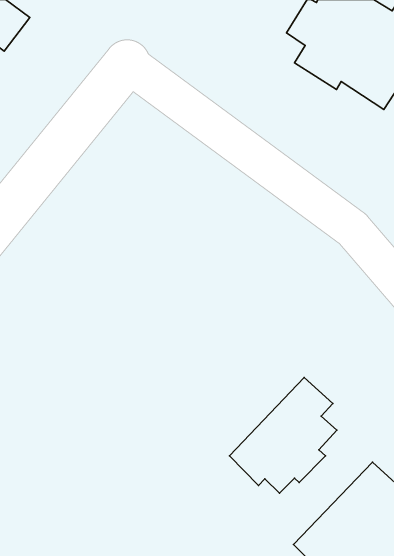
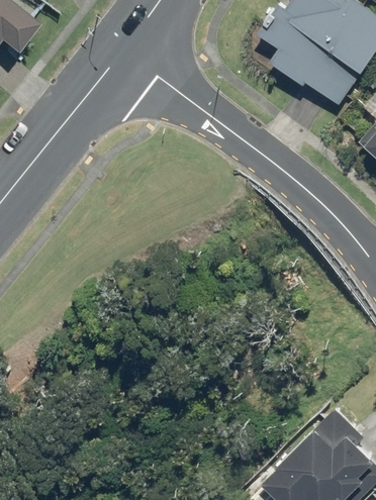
building: [229,378,337,493] -> none

